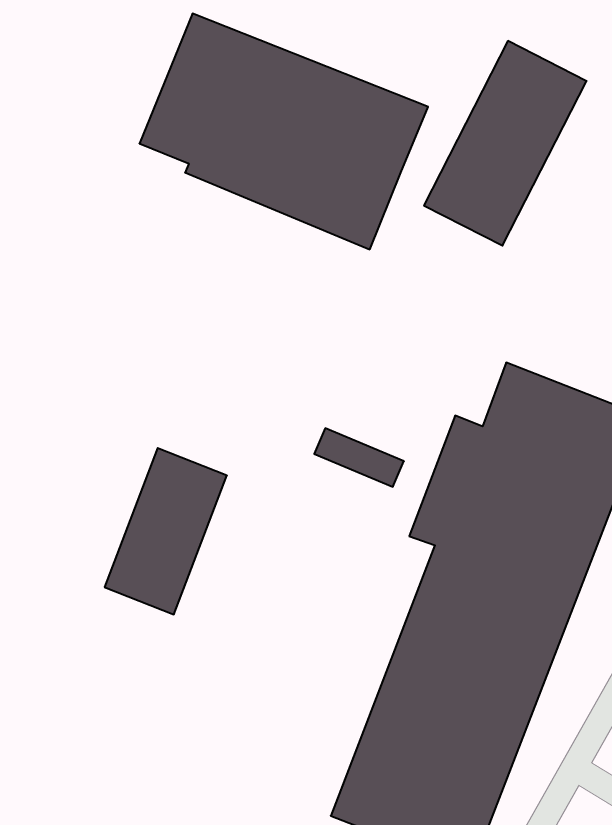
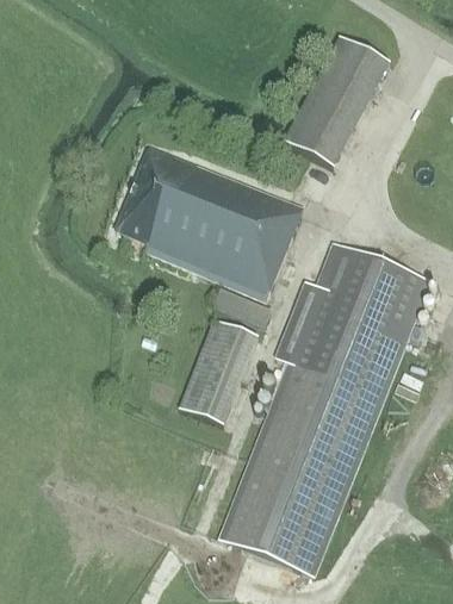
building: [139,14,428,249] -> [117,145,305,299]
building: [105,448,227,614] -> [178,316,257,424]

